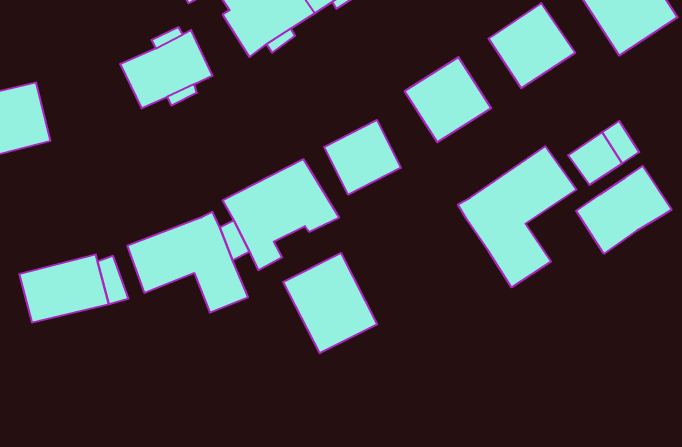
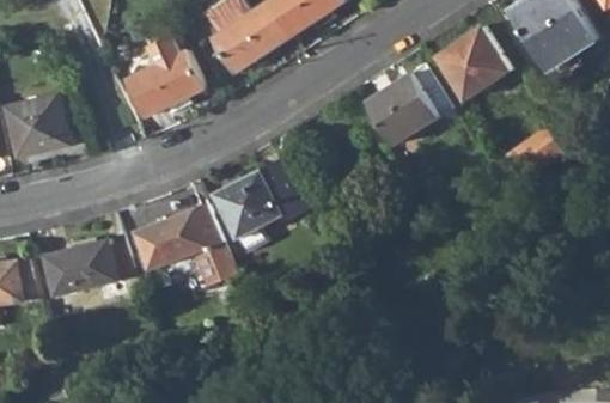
building: [324,120,401,195] -> none
building: [458,146,576,287] -> none
building: [576,166,672,254] -> none
building: [283,253,377,353] -> none

